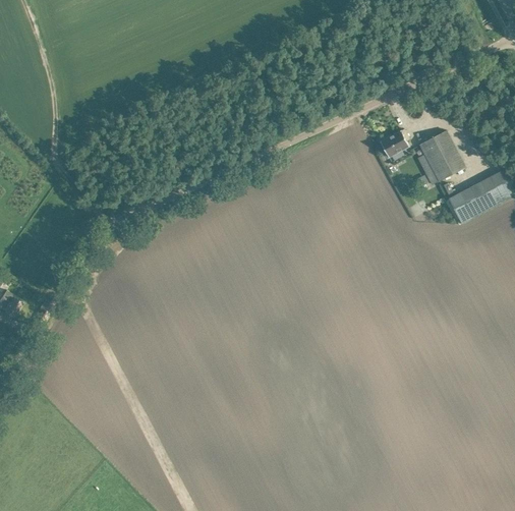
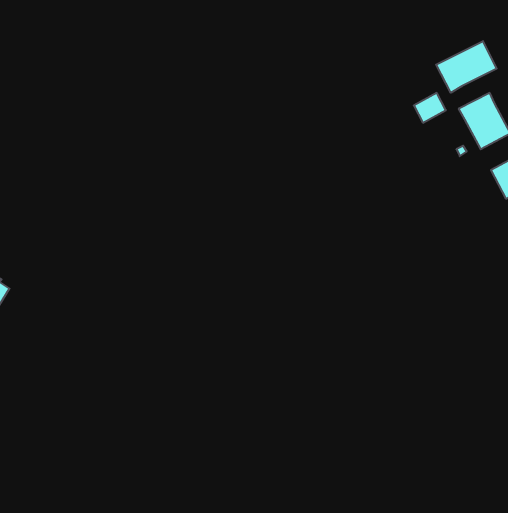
building: none -> [436,41,497,93]

